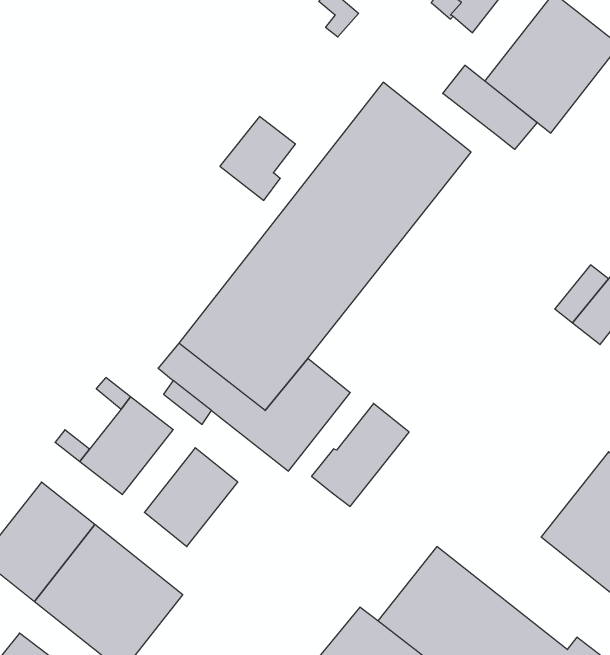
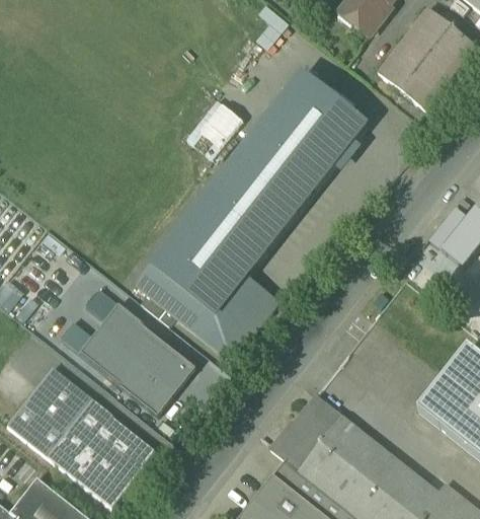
building: [443,65,537,149] -> none
building: [312,403,409,506] -> [270,393,342,469]
building: none -> [110,328,164,389]

